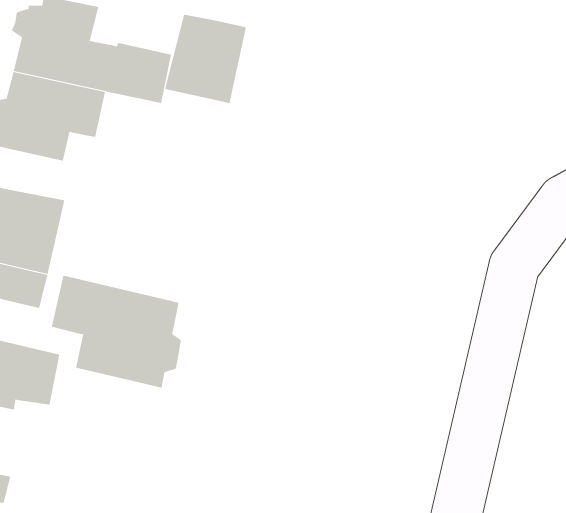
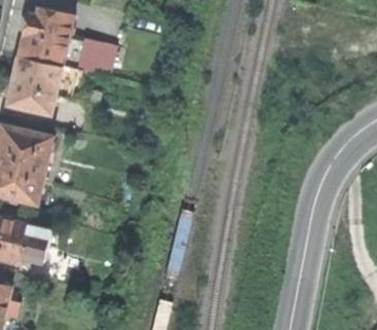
building: [165,14,246,104] -> none
building: [51,275,182,388] -> none

